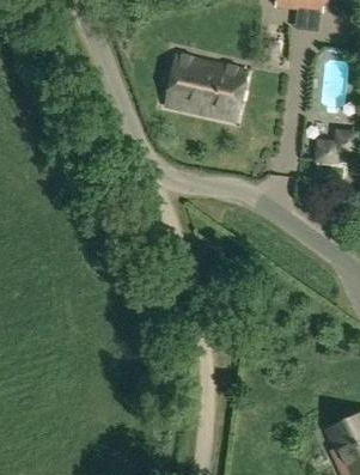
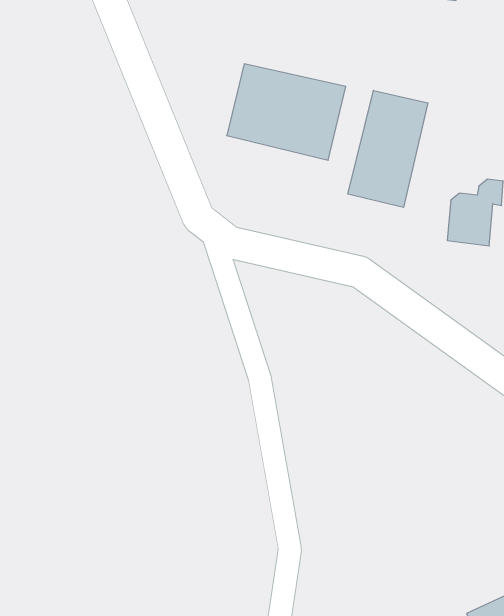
building: none -> [348,90,428,207]

